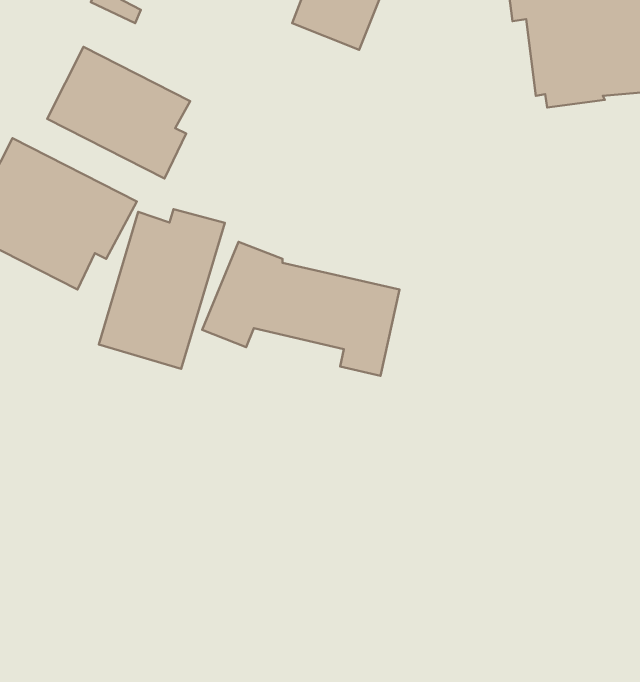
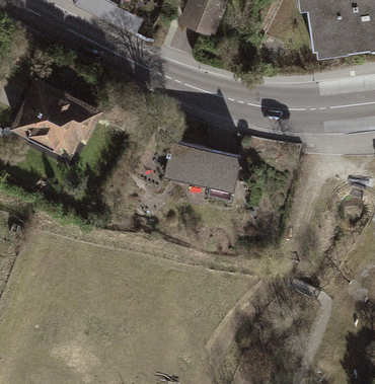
building: [47,47,190,179] -> none
building: [99,209,225,369] -> none

